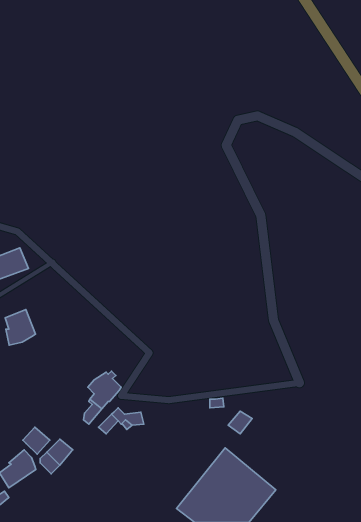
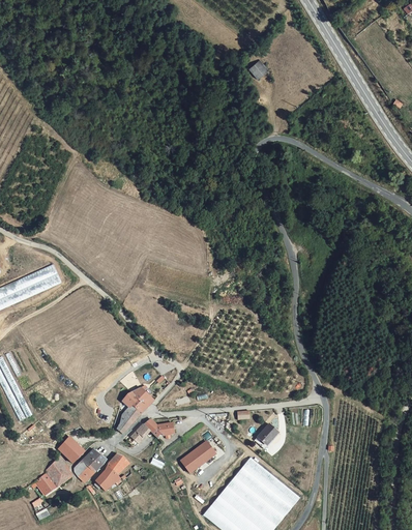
building: [5,309,35,345] -> none
building: none -> [181,440,216,472]
building: none -> [97,455,129,492]

